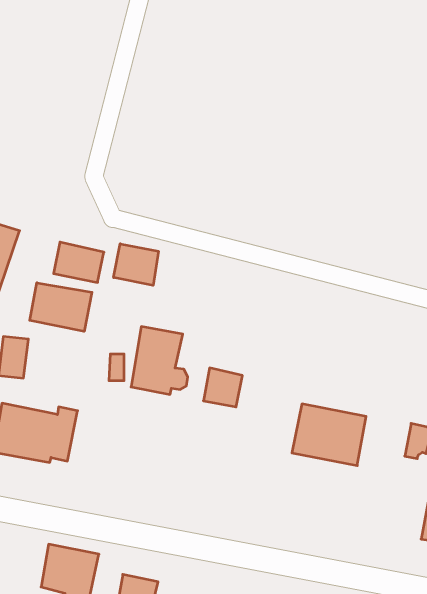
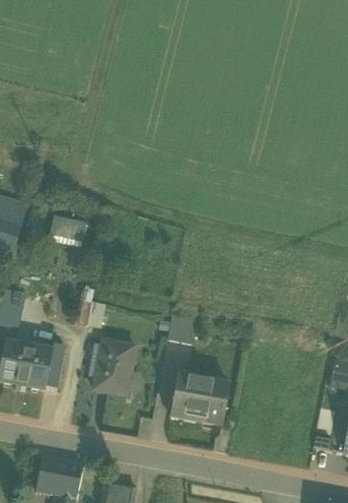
building: [114,244,158,285] -> none
building: [30,283,92,331] -> none
building: [131,327,188,394] -> [93,338,139,393]
building: [292,404,366,466] -> [168,373,228,423]

